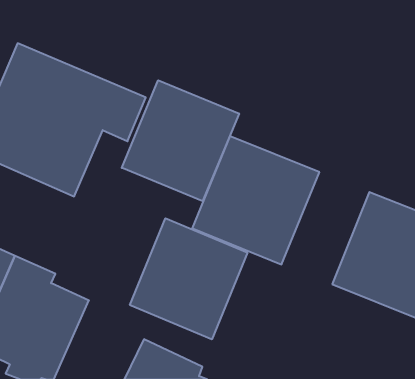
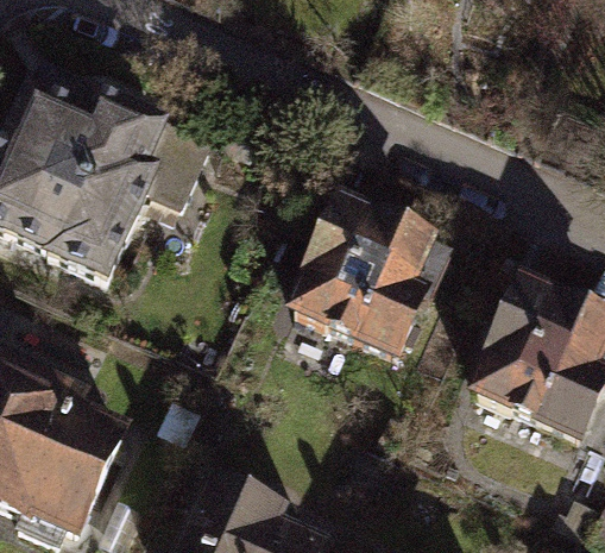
building: [122,80,239,201] -> none
building: [130,218,247,339] -> none

